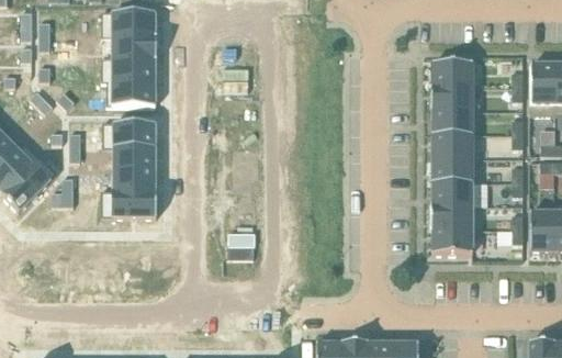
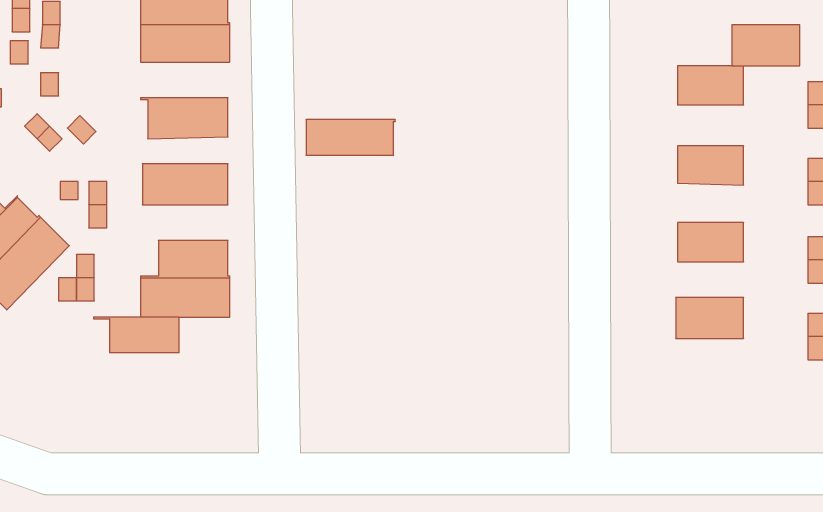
building: [102,59,157,81] -> [306,120,395,155]
building: [431,86,473,111] -> [732,25,800,66]
building: [432,134,473,158] -> none
building: [103,147,156,169] -> [94,317,179,353]
building: [432,182,473,204] -> none
building: [432,230,473,254] -> none

